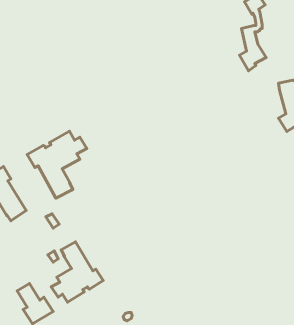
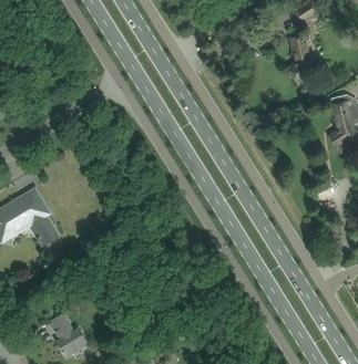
building: [27,131,87,198] -> none
building: [51,242,103,302] -> none

